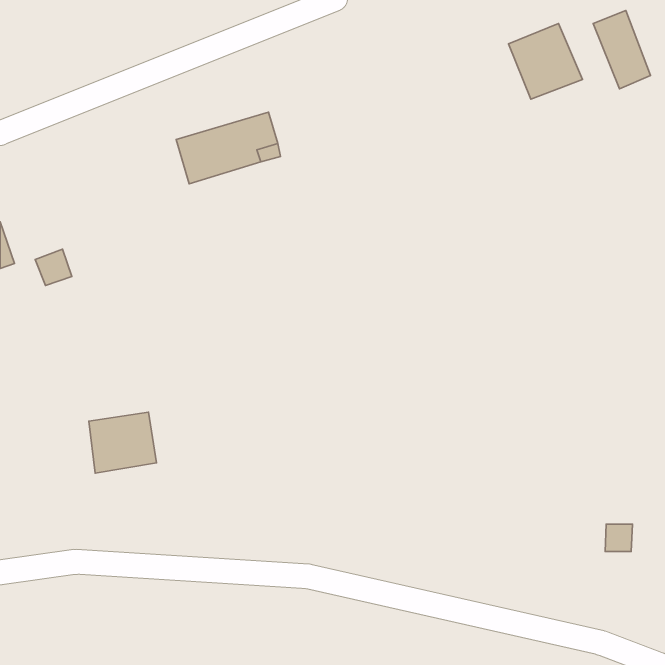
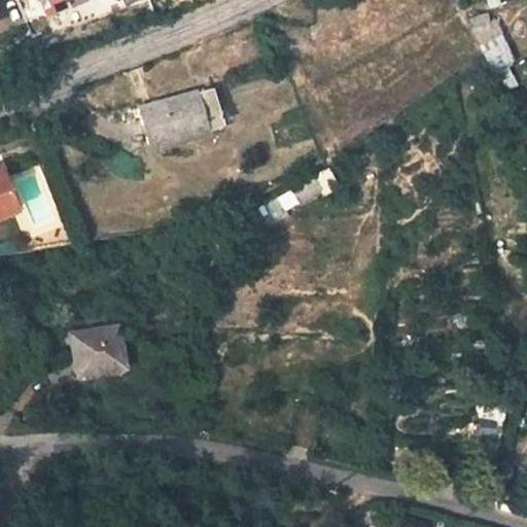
building: [509,24,582,99] -> none

